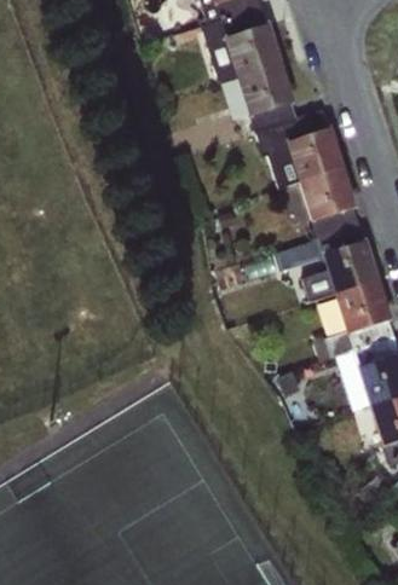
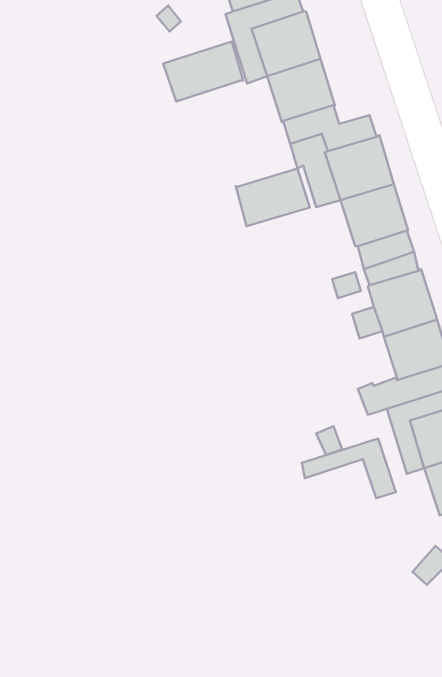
building: none -> [163,42,243,102]
building: none -> [236,168,310,226]
building: none -> [302,439,396,498]

